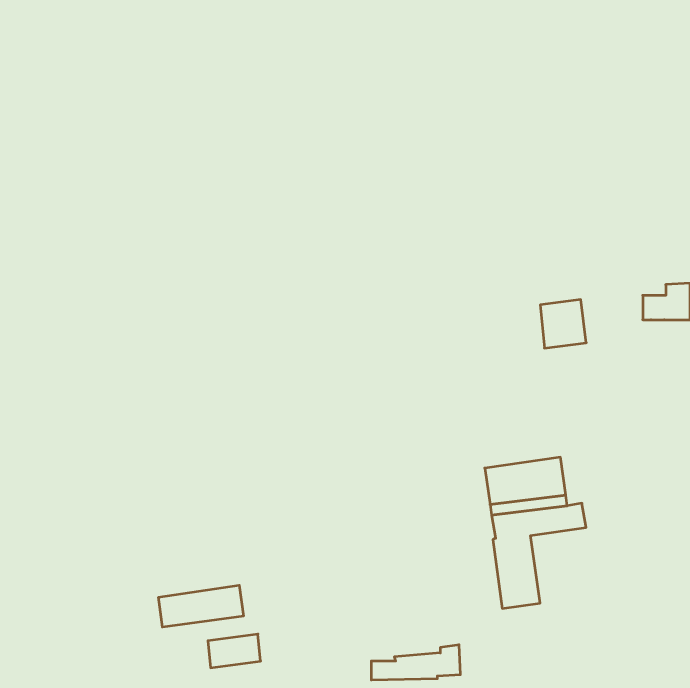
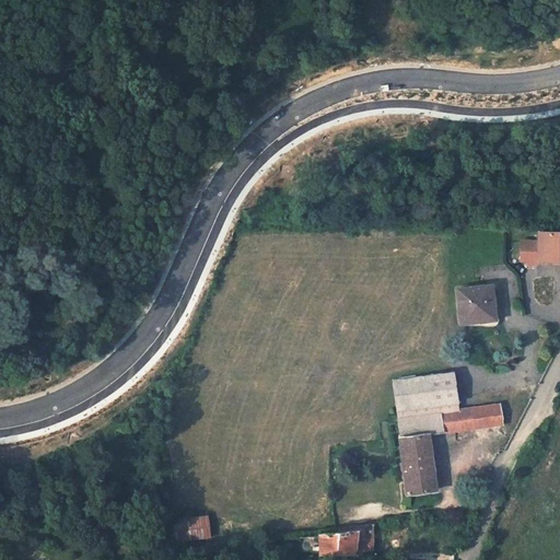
building: [540,300,586,348] -> [458,284,495,324]
building: none -> [471,406,502,429]
building: [159,585,243,627] -> none

